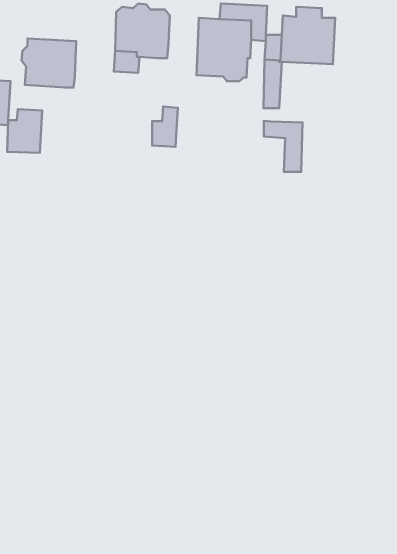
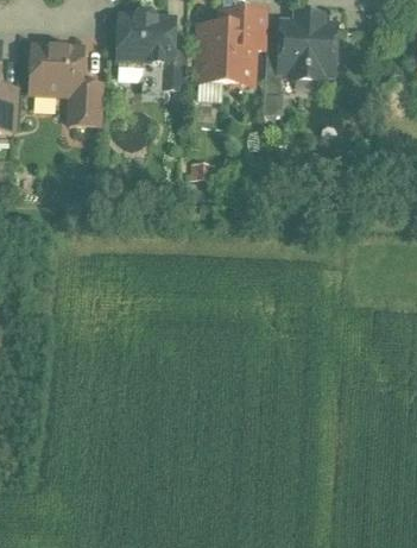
building: [152,107,178,147] -> [160,49,185,88]
building: [7,109,42,153] -> [69,81,103,124]
building: [264,121,302,172] -> none

